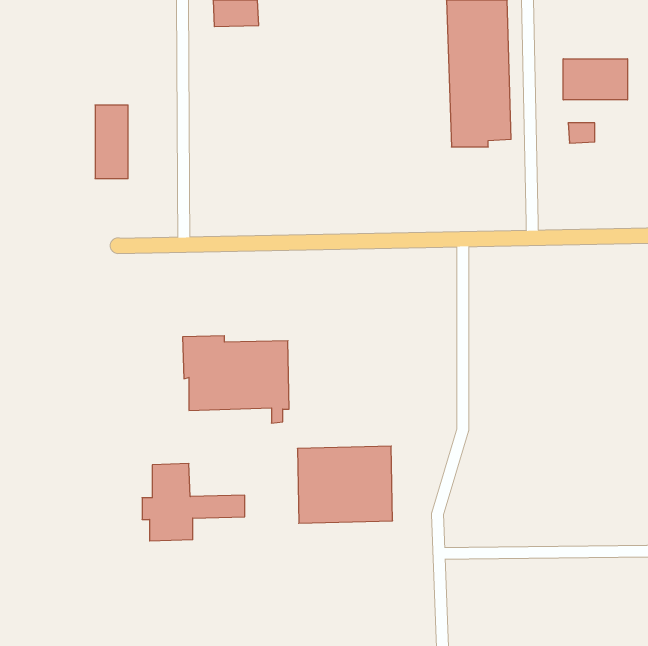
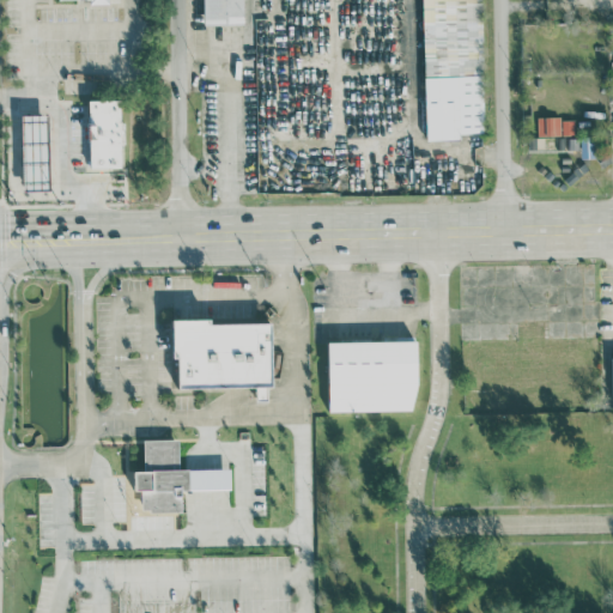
building: [563,59,627,100] -> none
building: none -> [24,116,49,188]
building: [297,446,393,523] -> [328,340,418,413]

